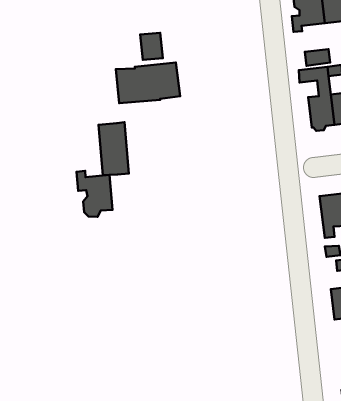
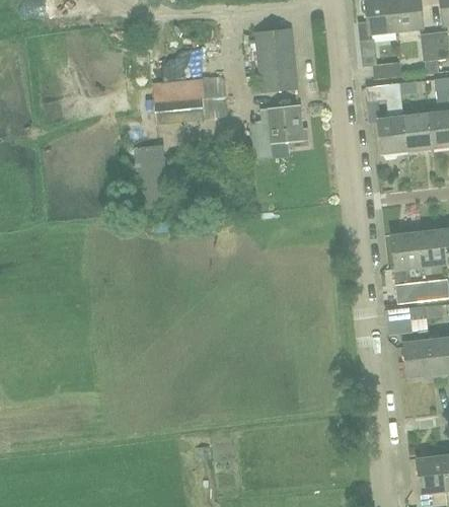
building: none -> [254,29,297,93]
building: none -> [251,104,309,160]
building: [76,171,113,217] -> none

